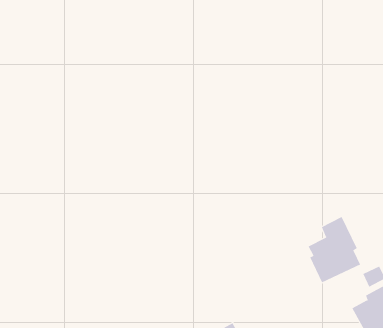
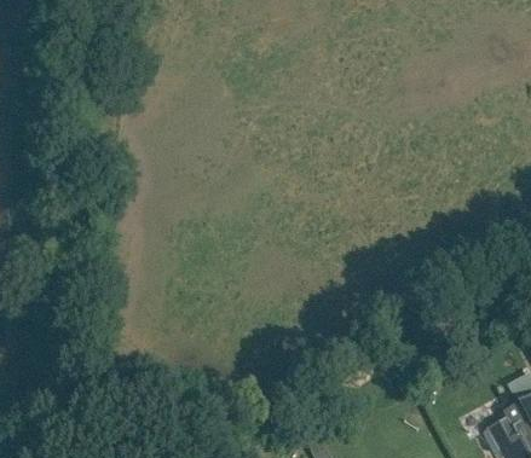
building: [308,216,361,283] -> none

